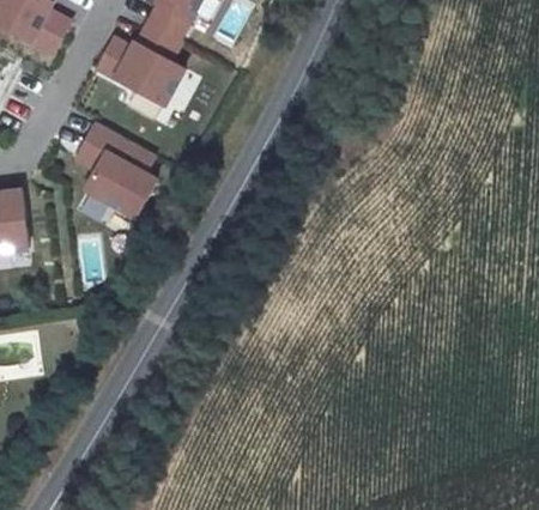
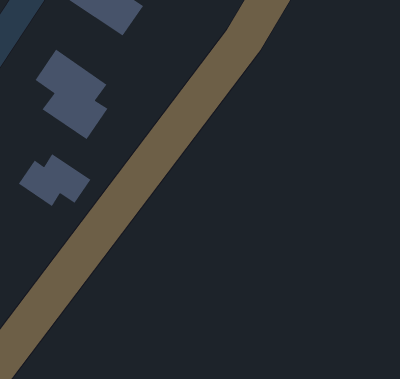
building: none -> [18,153,92,207]

